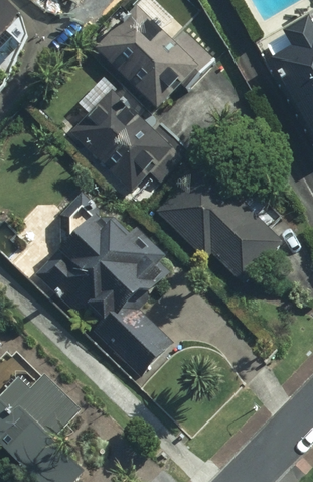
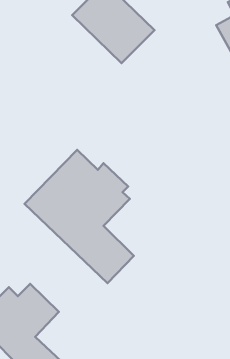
building: [68,89,178,199] -> none
building: [156,160,283,287] -> none

